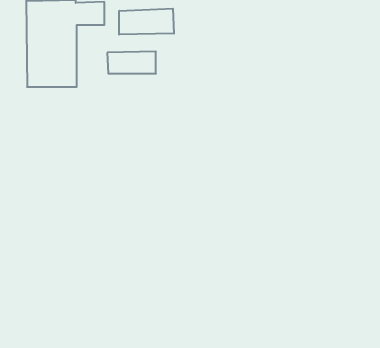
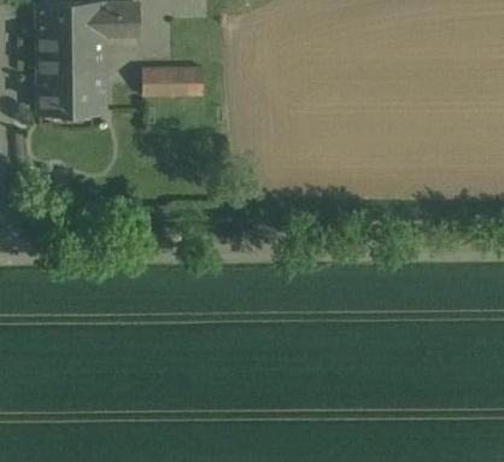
building: [119,9,174,35] -> none

